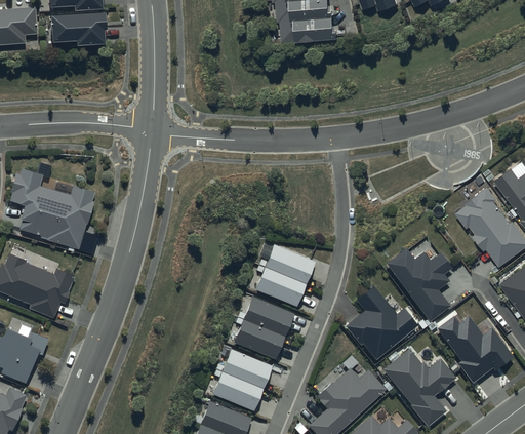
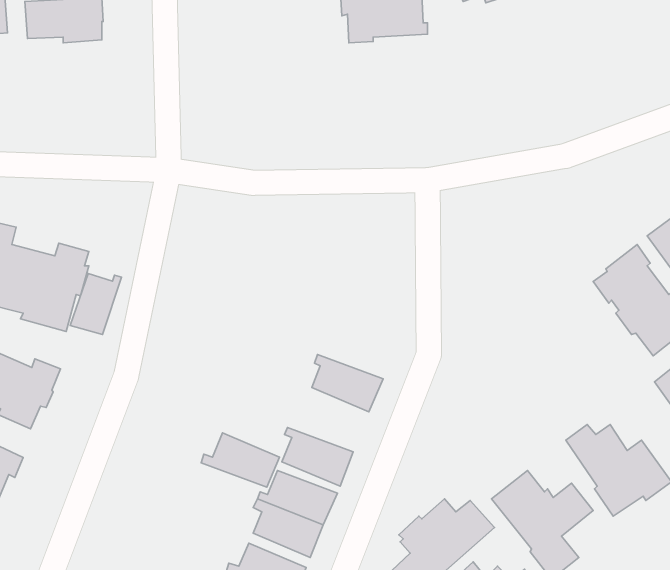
building: none -> [70,274,122,334]
building: [258,244,315,283] -> none
building: [386,248,452,322] -> none
building: [346,284,418,359] -> none
building: [237,297,293,336] -> [201,433,280,487]

